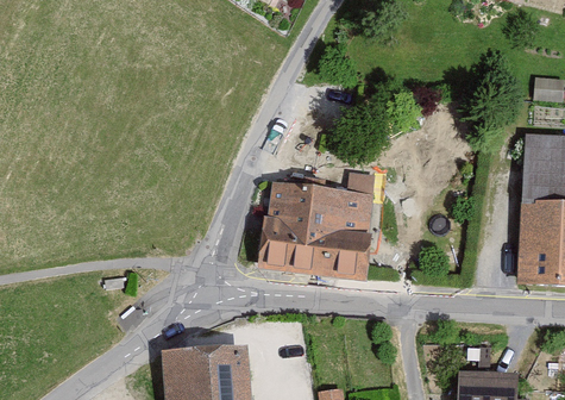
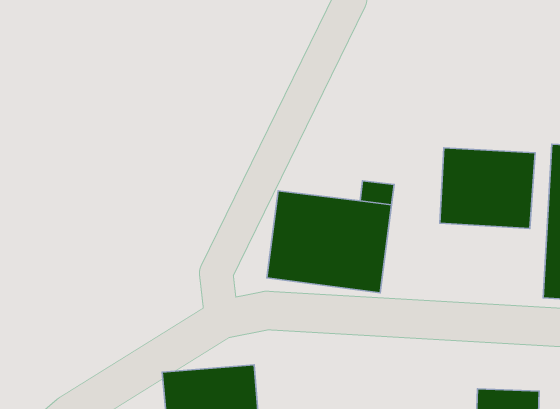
building: none -> [440,148,535,229]

